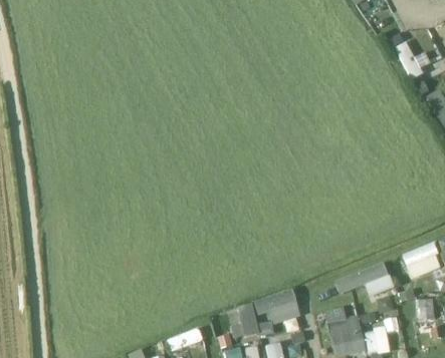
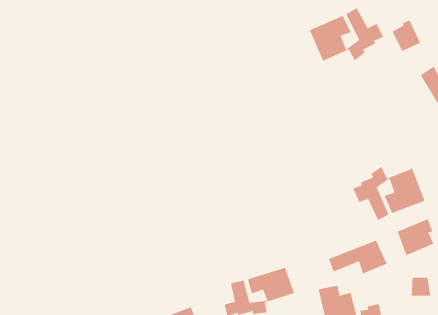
building: none -> [309,7,384,62]
building: none -> [353,166,425,221]

